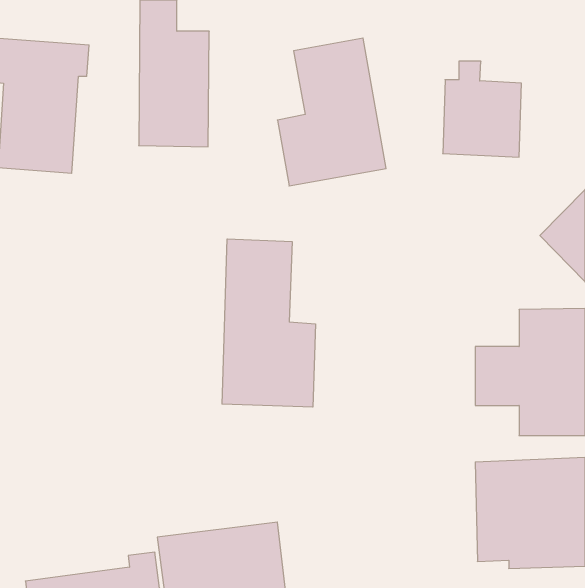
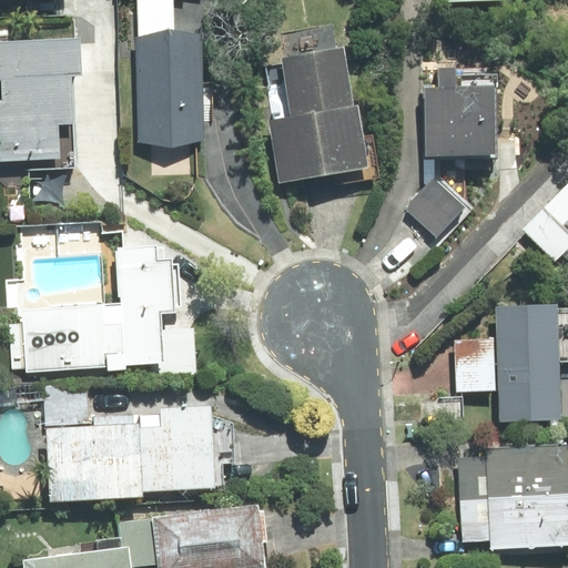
building: none -> [396,169,469,242]
building: [222,239,315,407] -> none
building: none -> [20,246,195,376]
building: none -> [40,387,219,501]

